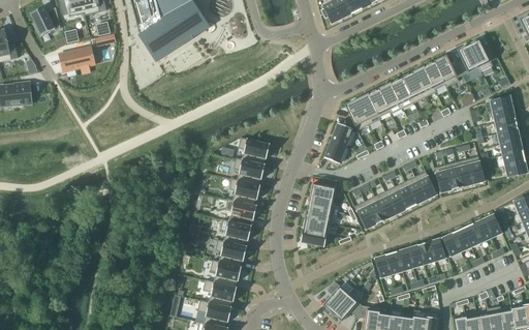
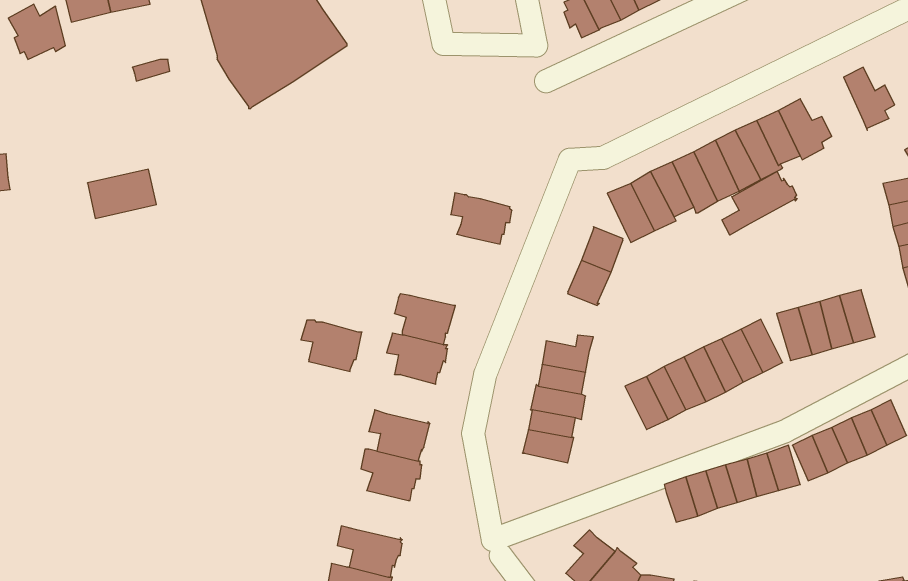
building: [458,43,479,74] -> none
building: [59,46,95,71] -> [87,169,156,218]
building: none -> [722,172,797,235]
building: [239,137,271,163] -> [451,193,512,244]
building: [225,199,257,226] -> [301,320,362,371]
building: [211,259,243,287] -> none

